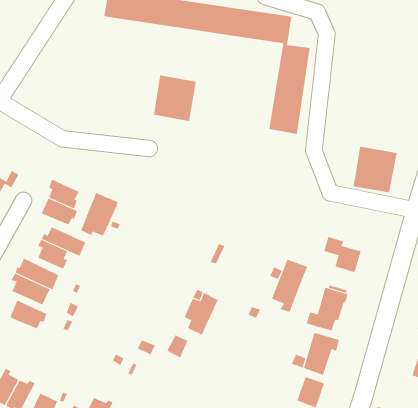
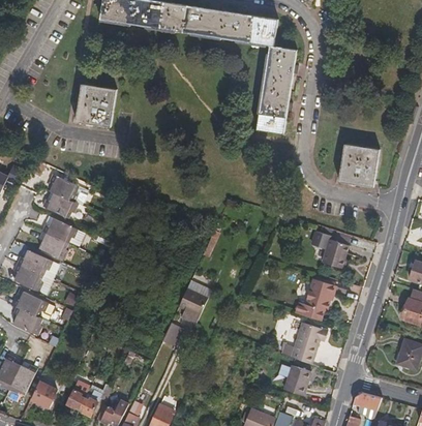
building: [153,75,196,121] -> [77,82,118,126]
building: [80,192,119,236] -> none
building: [271,259,308,313] -> none
building: none -> [12,308,41,336]

